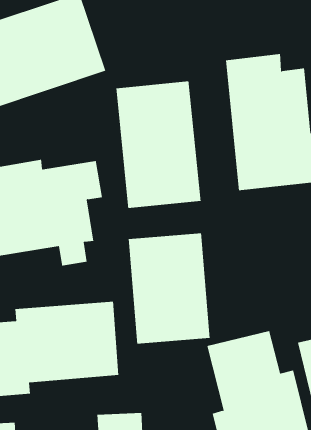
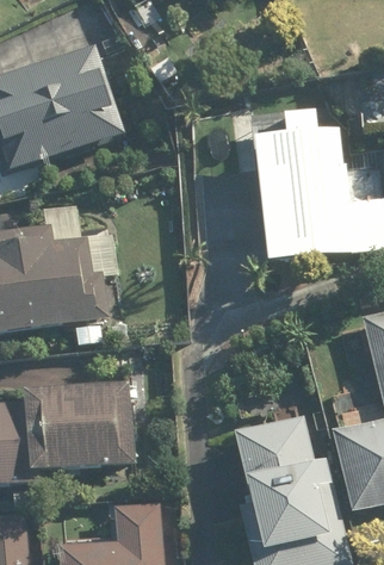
building: [116,81,201,209] -> none
building: [128,232,210,344] -> none

